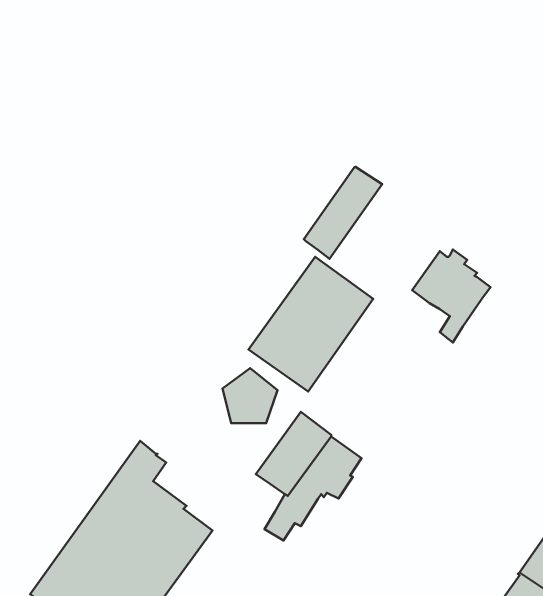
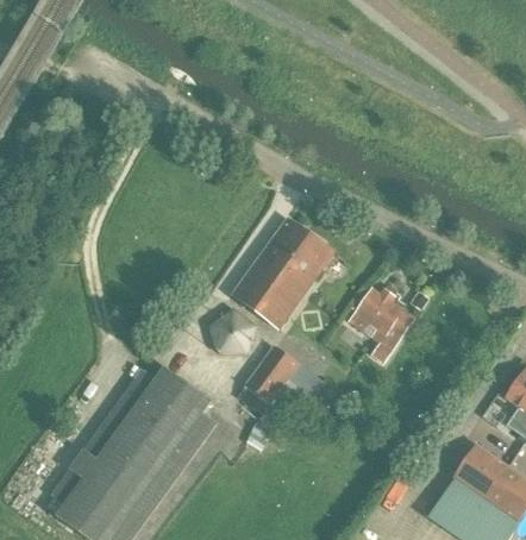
building: [304,167,382,259] -> none
building: [412,250,490,342] -> [349,288,413,364]
building: none -> [152,368,215,442]

